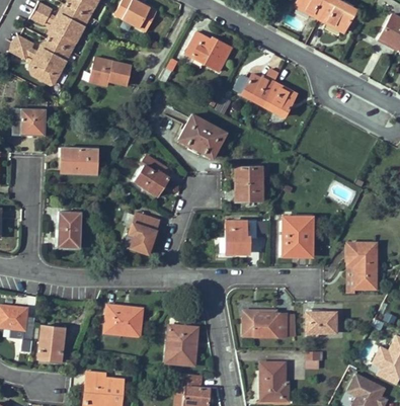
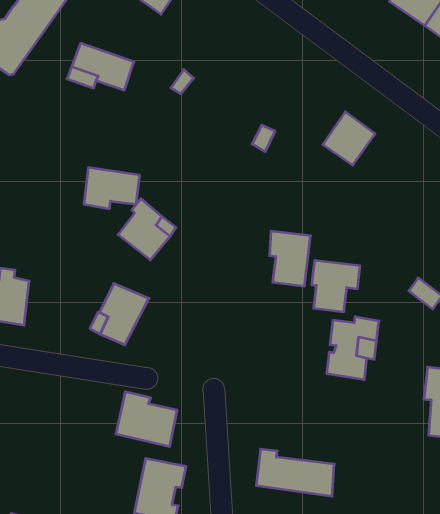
building: [186,32,231,71] -> none
building: [241,68,279,105] -> none
building: [180,114,226,157] -> none
building: [62,148,96,173] -> [84,168,140,209]
building: [226,221,256,252] -> [312,260,360,312]
building: [103,304,142,336] -> [116,392,177,446]
building: [307,312,336,332] -> none

